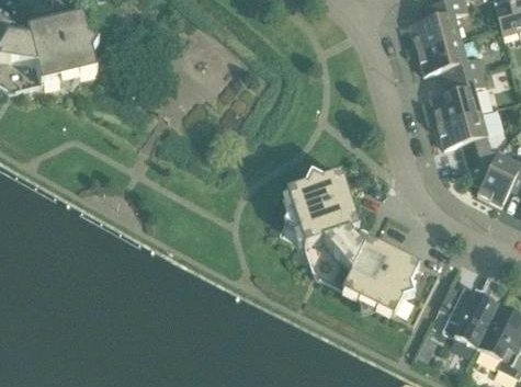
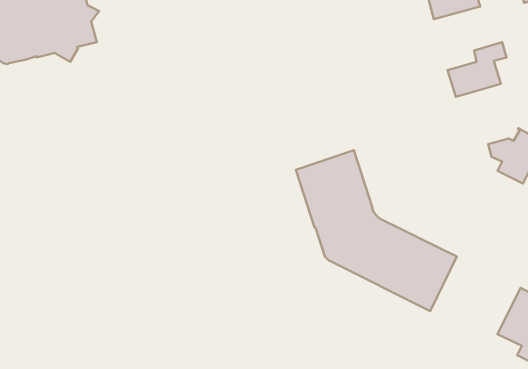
building: [416,36,480,78] -> none
building: [437,110,497,167] -> none
building: [434,284,498,346] -> none

